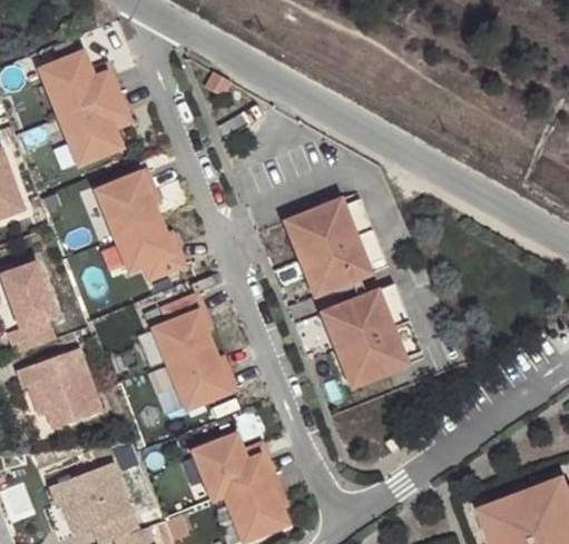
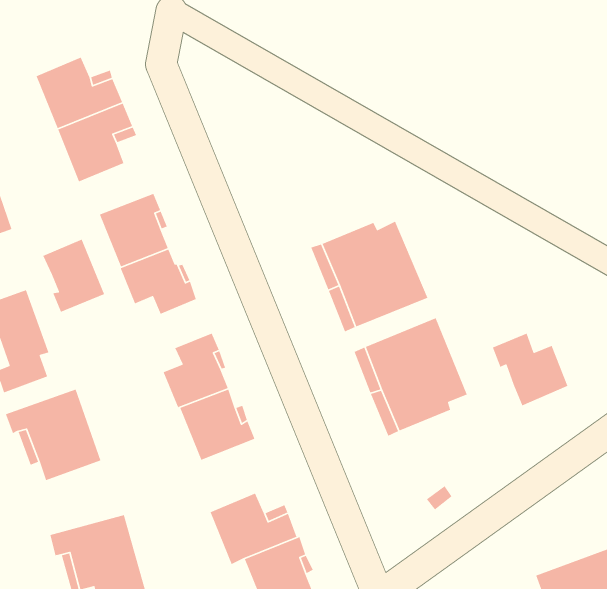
building: none -> [42,238,105,313]
building: none -> [492,333,569,407]

